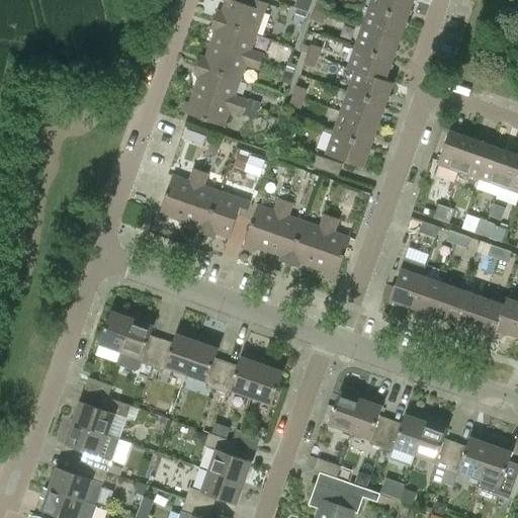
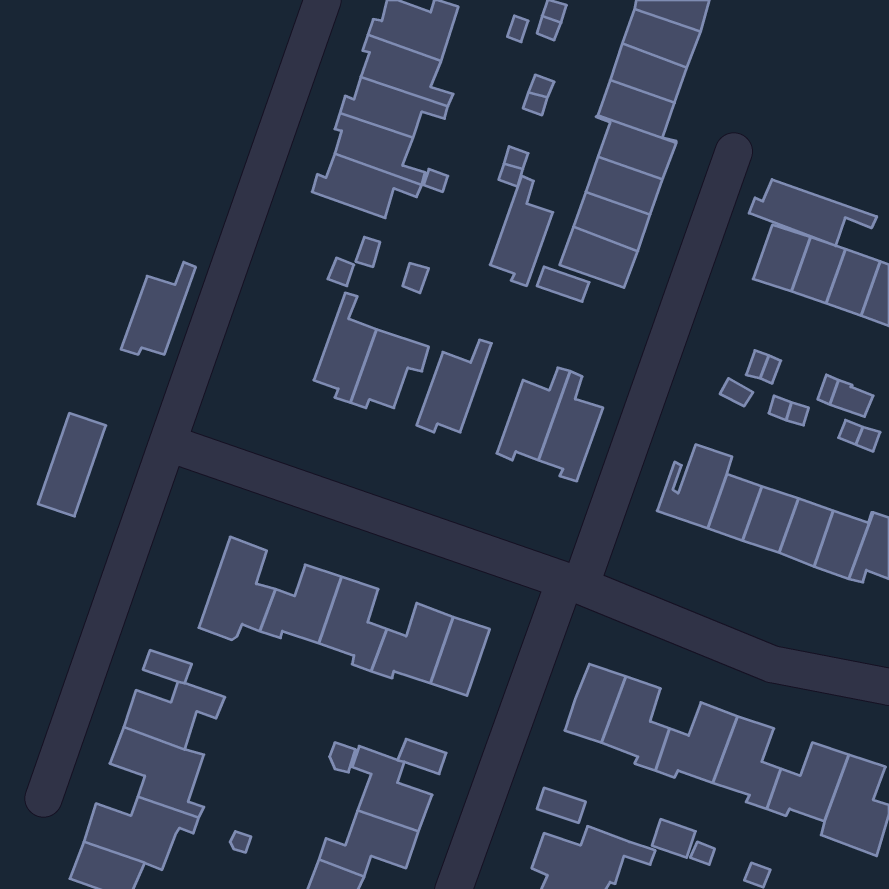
building: none -> [749,179,877,246]
building: [157,168,200,222] -> [121,262,196,354]
building: [267,200,304,264] -> [490,176,553,286]
building: [94,306,134,365] -> [38,413,106,516]

